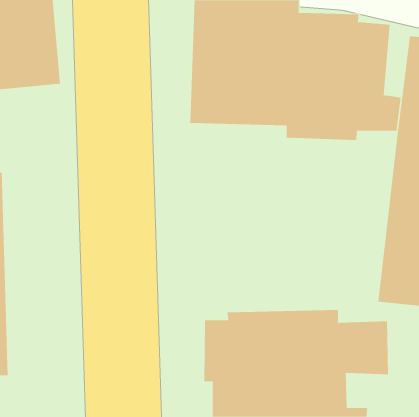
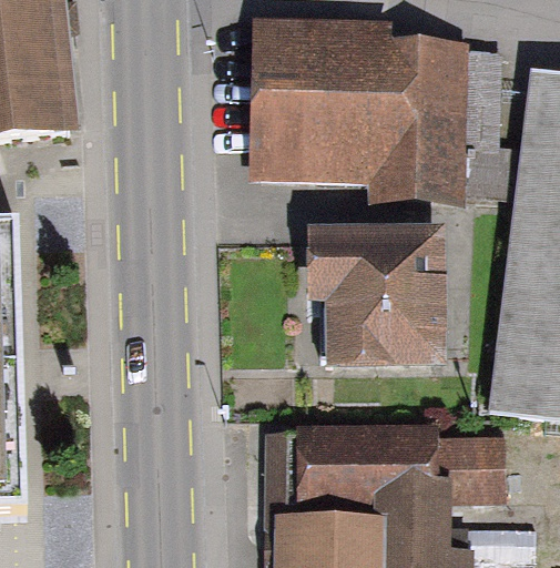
building: none -> [306,222,447,371]

